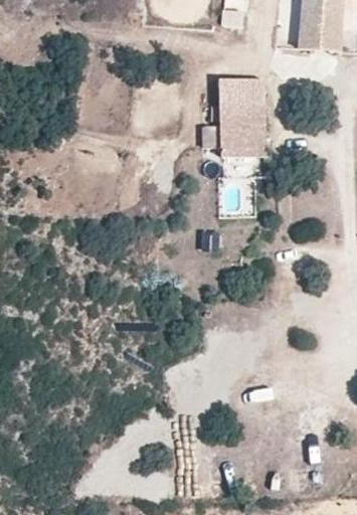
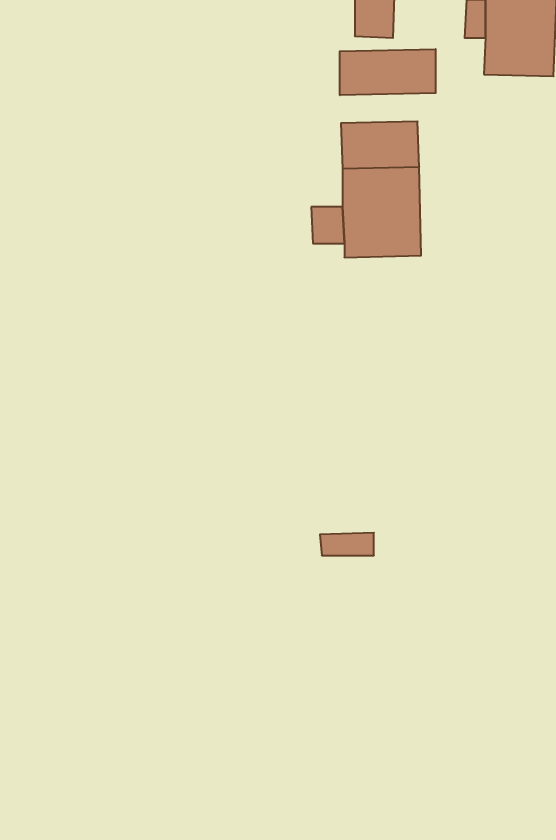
building: none -> [340,49,436,95]

